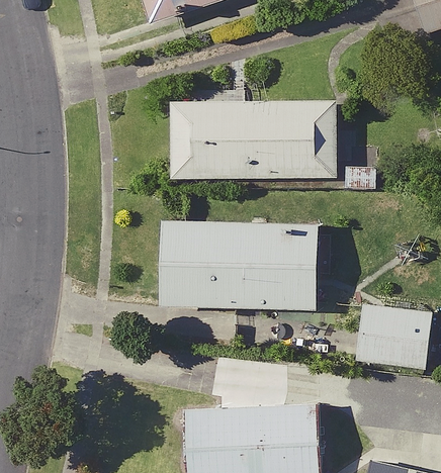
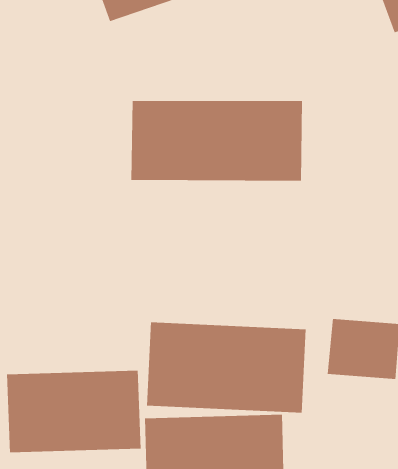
building: [162,223,317,311] -> [146,322,307,413]
building: none -> [7,370,141,453]

